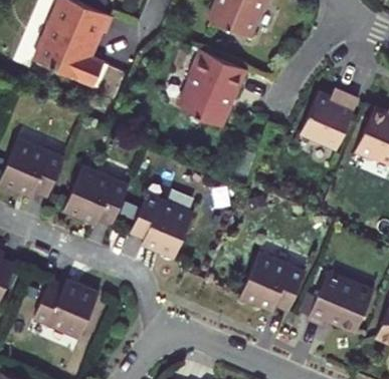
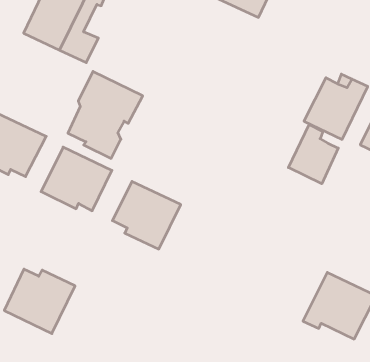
building: [182,49,249,128] -> [68,71,143,158]
building: none -> [288,125,338,184]
building: [241,251,306,308] -> none

